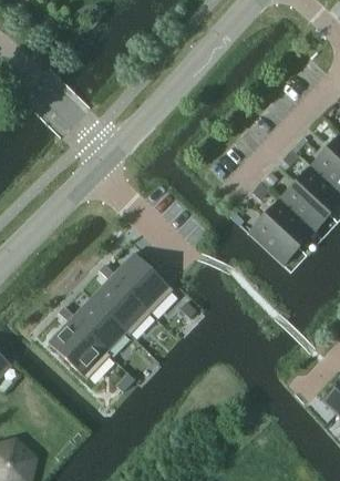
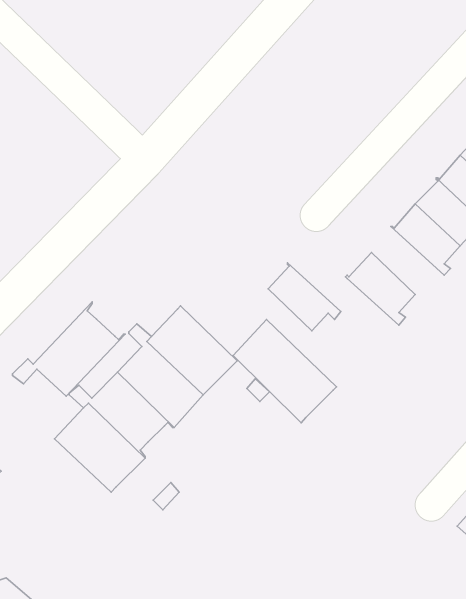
building: [266,197,316,244] -> [268,263,341,331]
building: none -> [13,302,125,396]
building: none -> [233,320,336,423]

